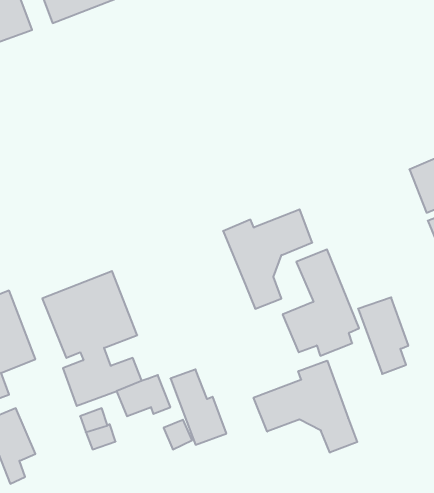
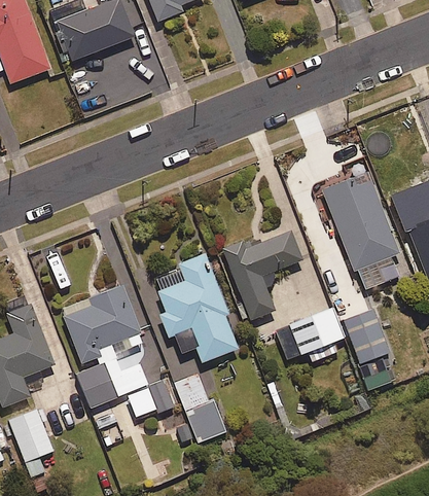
building: none -> [322,157,400,291]
building: none -> [151,254,238,362]
building: [254,361,357,453] -> none

